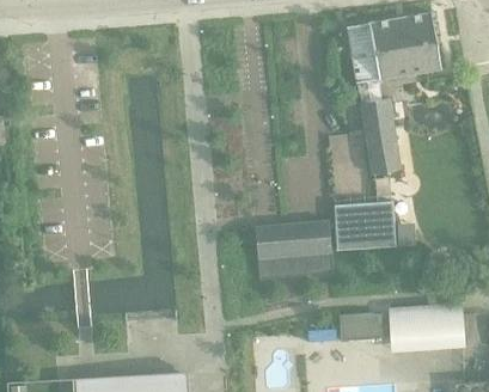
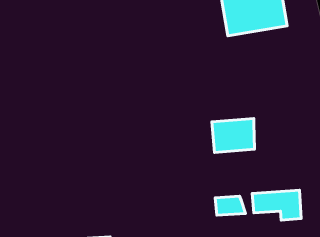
building: [360,98,401,174] -> none
building: [255,221,332,280] -> none

